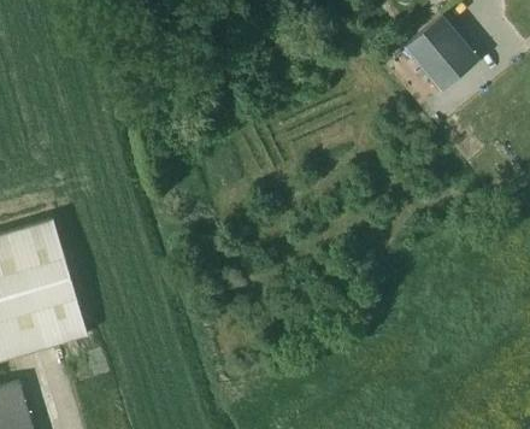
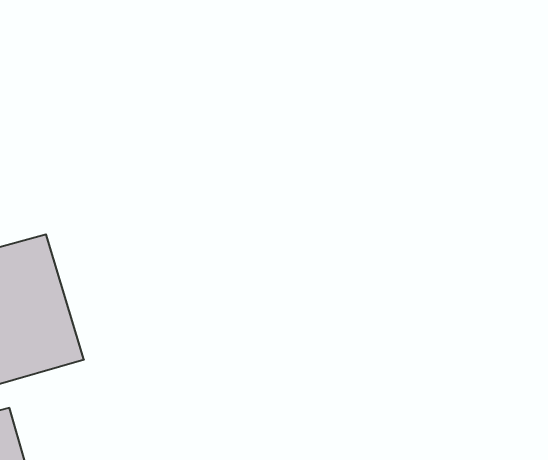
building: [404,18,477,90] -> none

